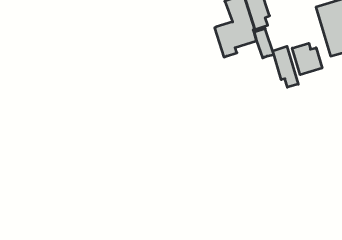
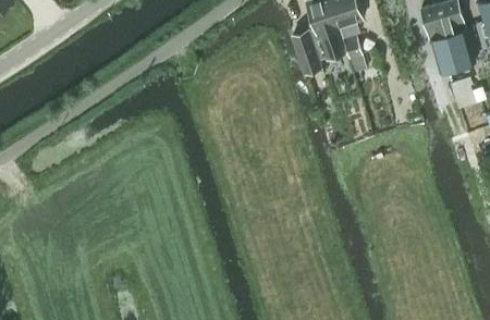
building: [292,43,322,75] -> none
building: [273,46,298,87] -> none

